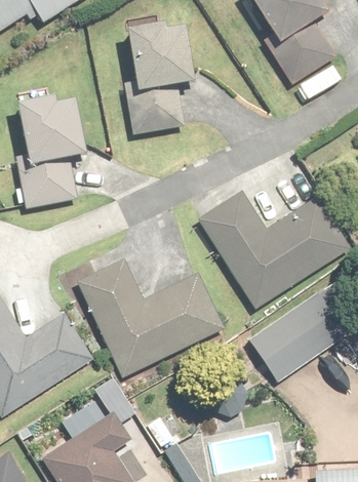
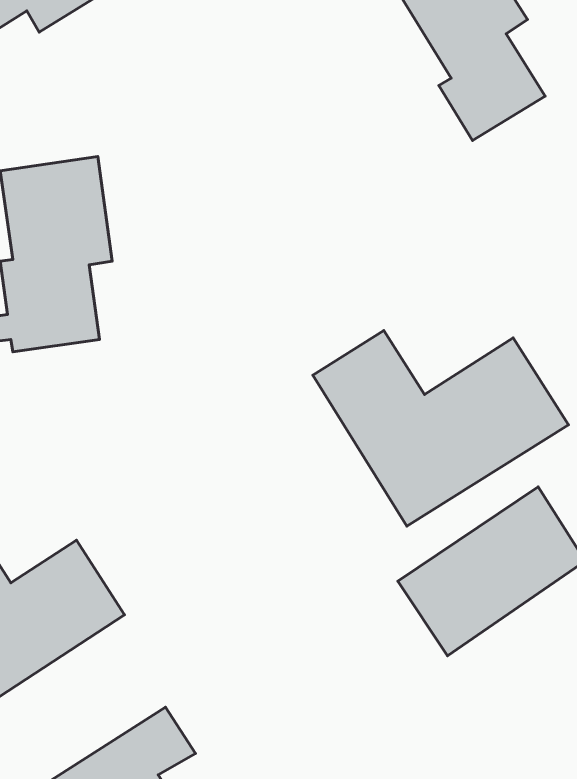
building: [126,15,190,132] -> none
building: [78,260,222,375] -> none

